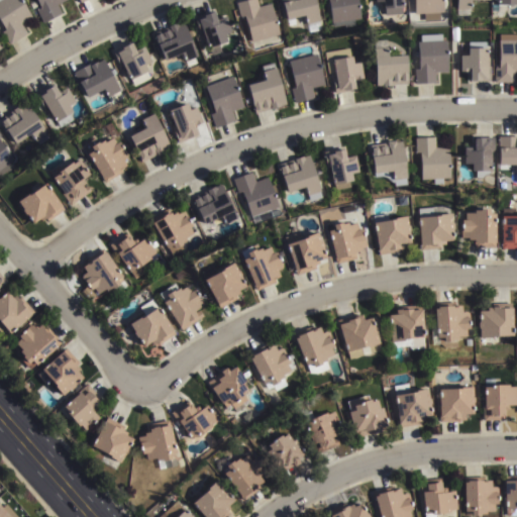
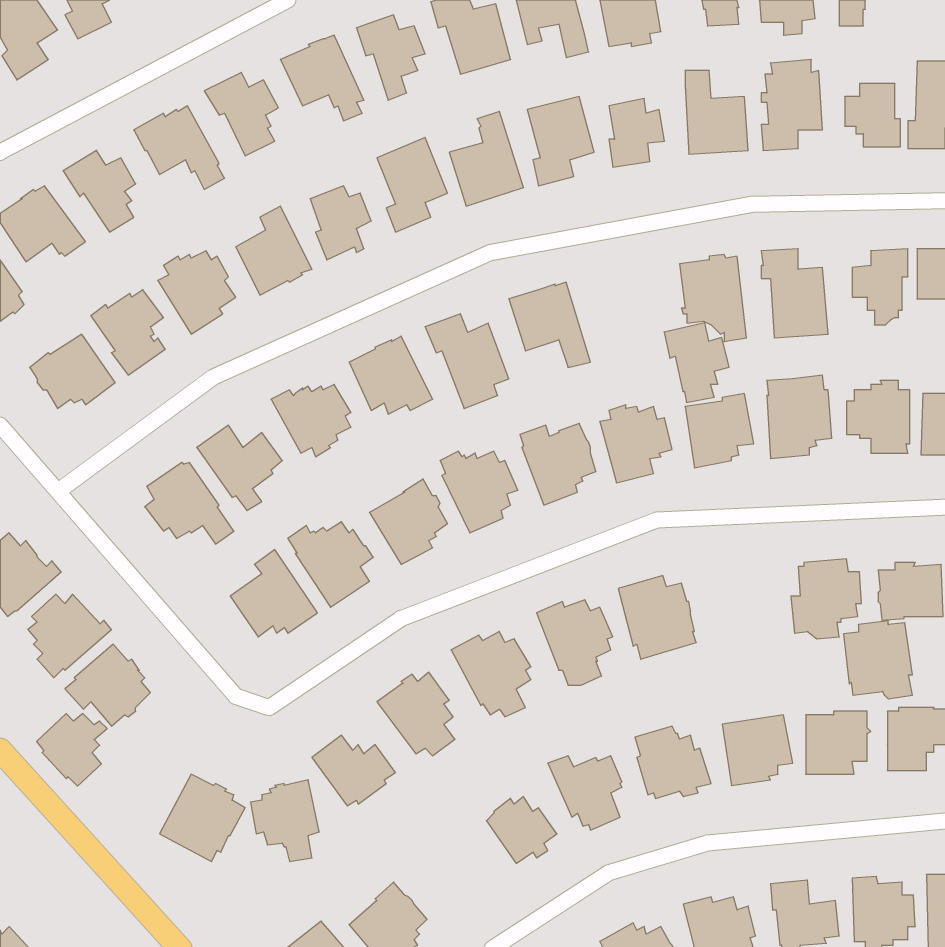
building: [324,146,359,190] -> [664,323,729,403]
building: [389,308,426,350] -> [844,621,912,699]
building: [65,392,103,431] -> [37,714,107,786]
building: [216,455,264,502] -> none

